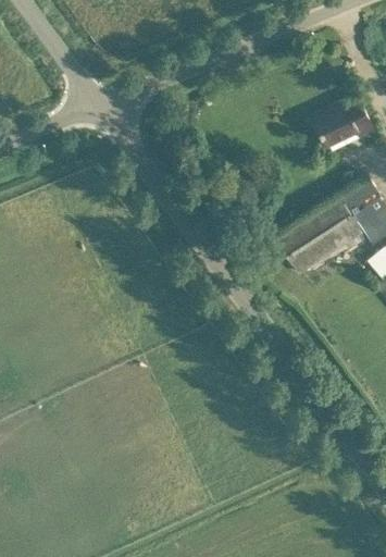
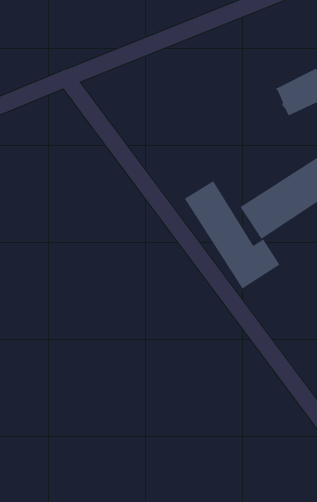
building: none -> [184,180,281,289]

